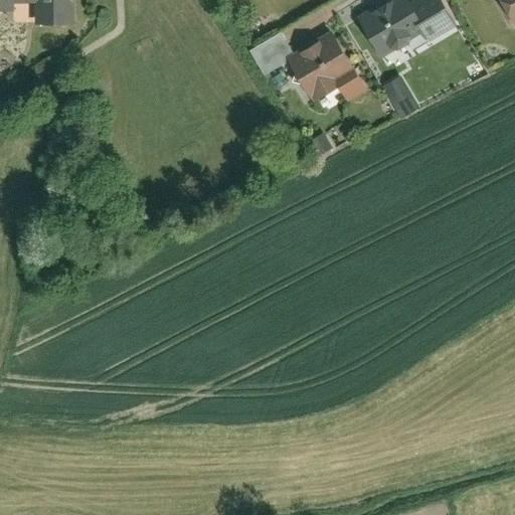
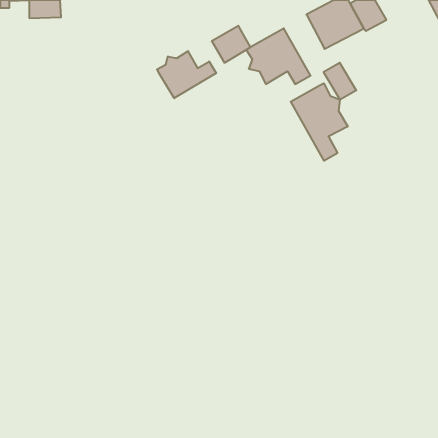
building: none -> [157,51,216,98]
building: none -> [291,83,348,161]

